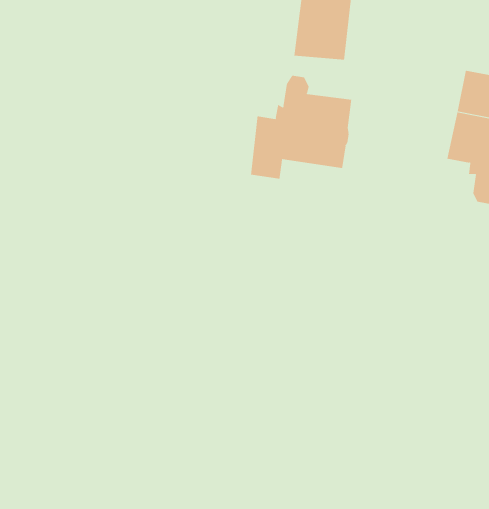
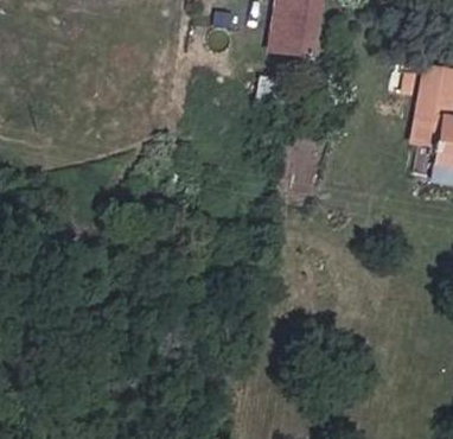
building: [250,75,352,179] -> none

